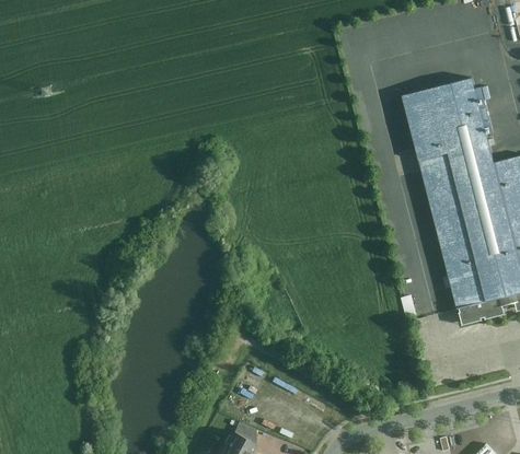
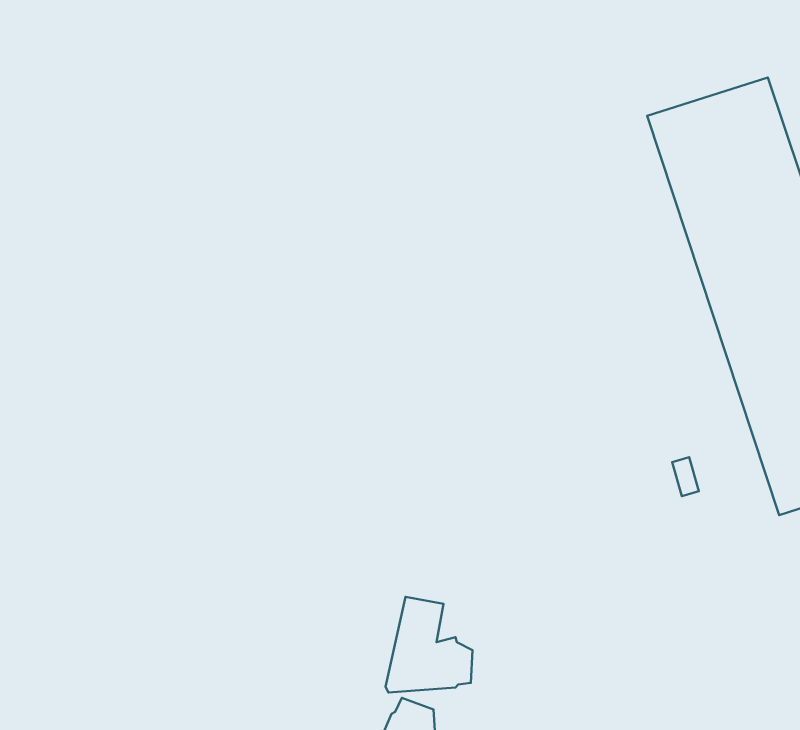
building: none -> [386,597,472,693]

